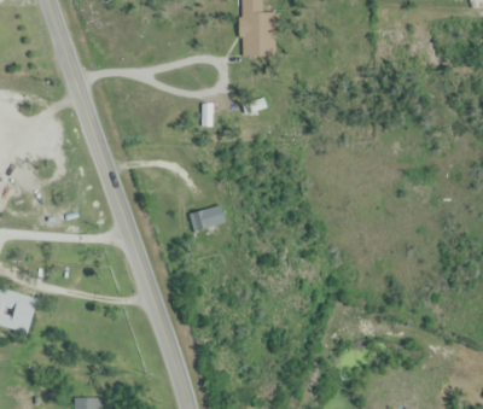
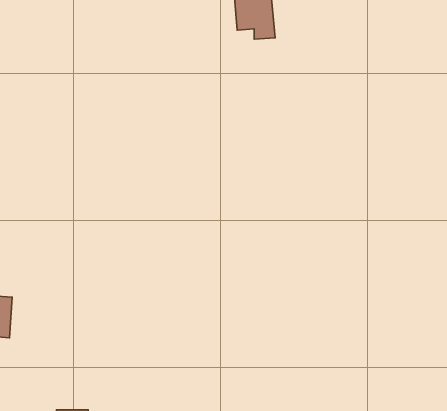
building: [190,203,226,232] -> none

